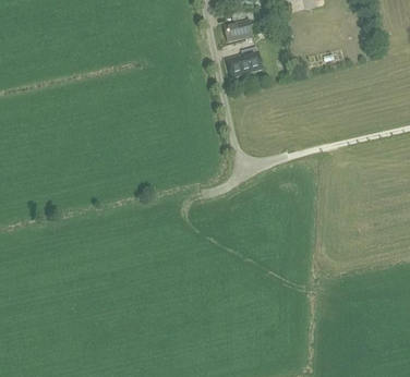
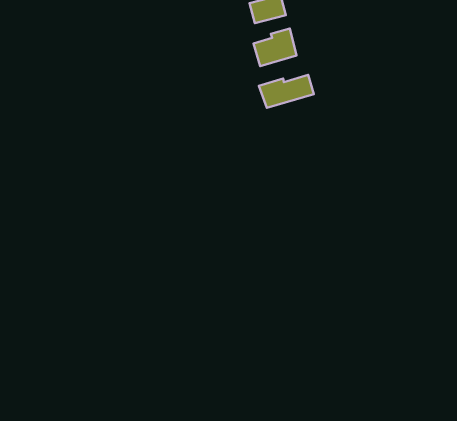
building: none -> [259,75,314,108]

